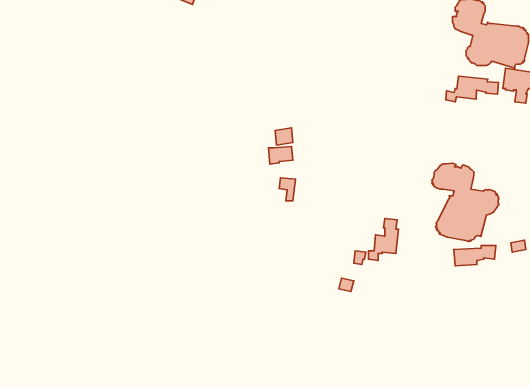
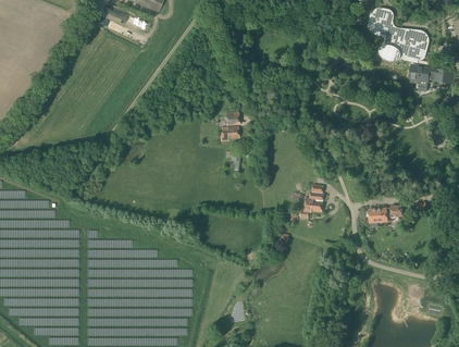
building: [446,76,499,102] -> none
building: [432,163,499,242] -> none

